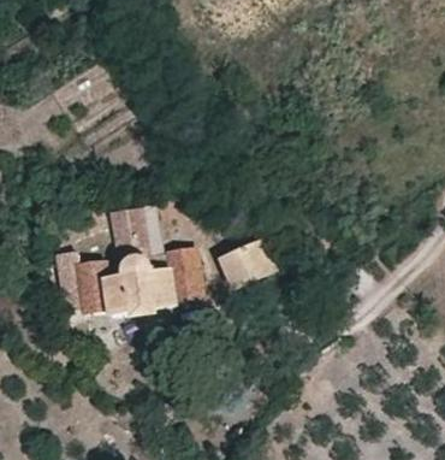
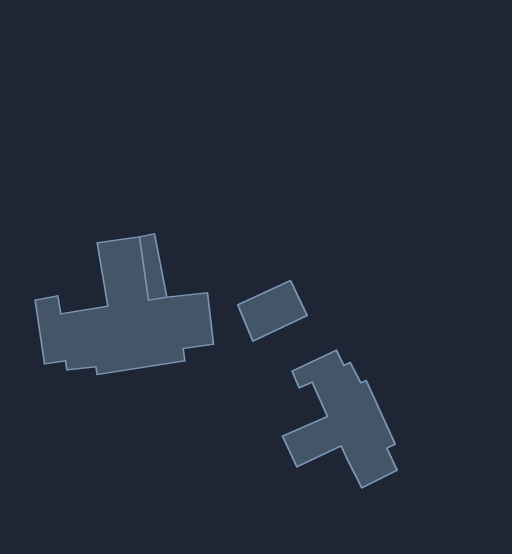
building: none -> [282,350,397,488]

